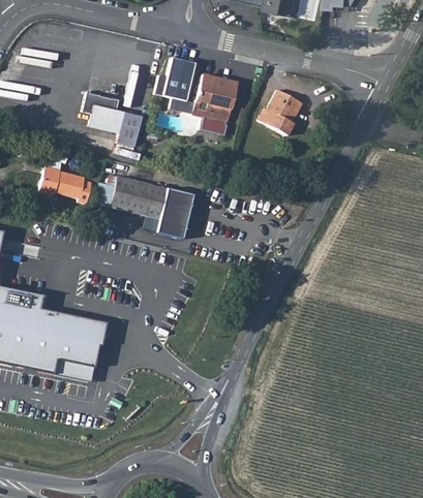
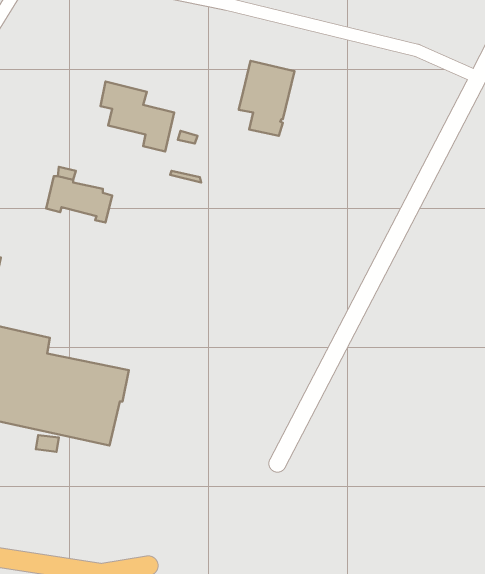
building: [163,59,195,102] -> none
building: [260,89,303,134] -> none
building: [102,174,193,239] -> none

